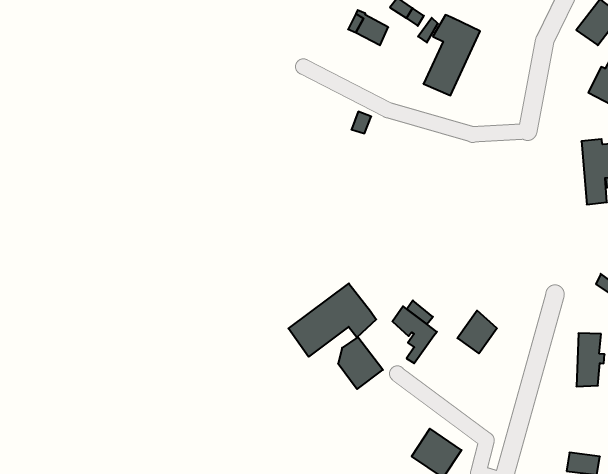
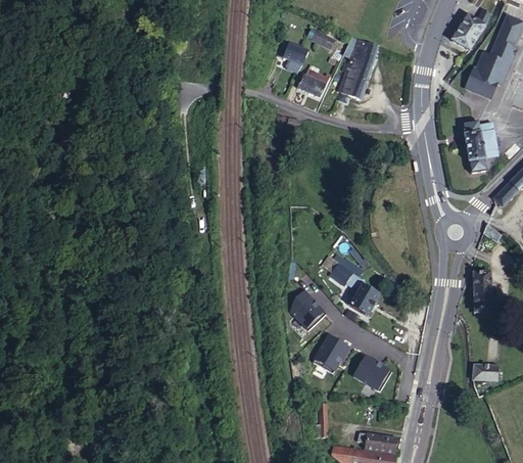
building: none -> [297,65,329,97]
building: [288,283,376,357] -> none
building: [457,311,497,353] -> [349,284,379,317]
building: none -> [314,334,350,372]

